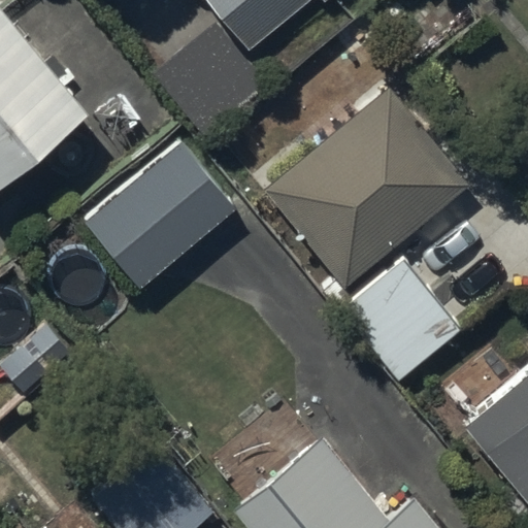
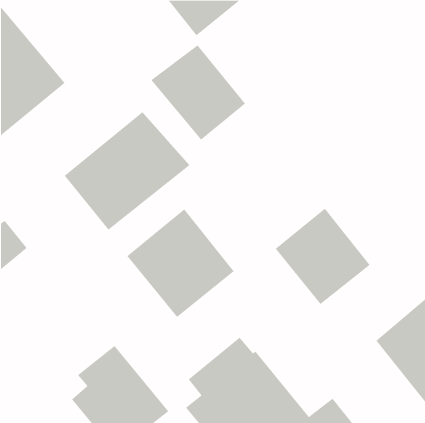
building: none -> [150,45,246,140]
building: [264,87,469,287] -> none
building: none -> [126,209,235,318]

